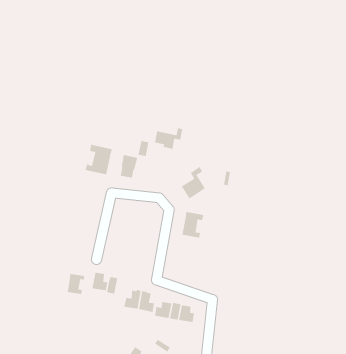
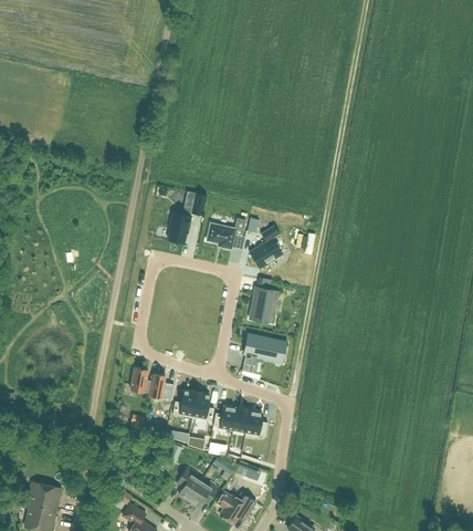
building: [154,127,183,150] -> [207,219,245,249]
building: [84,144,113,175] -> none
building: none -> [244,334,287,365]
building: [67,273,85,295] -> none

